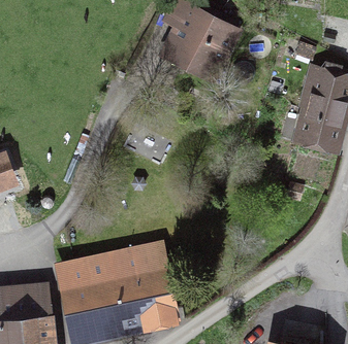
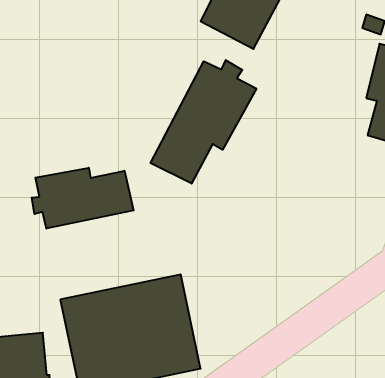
building: none -> [150,60,256,184]
building: none -> [32,168,134,229]

